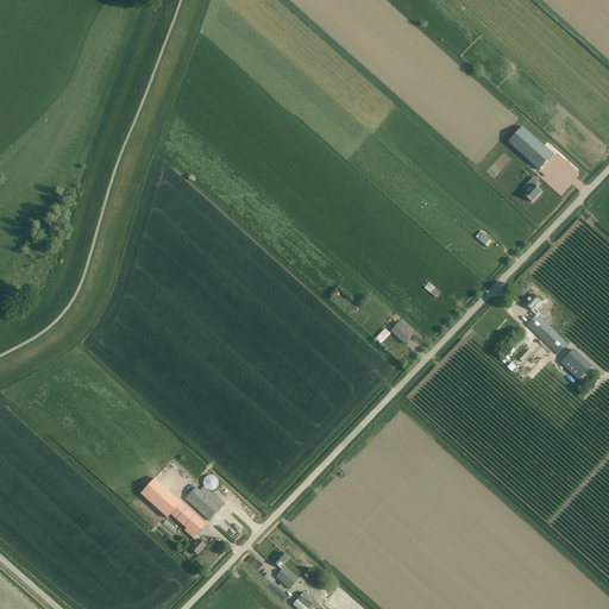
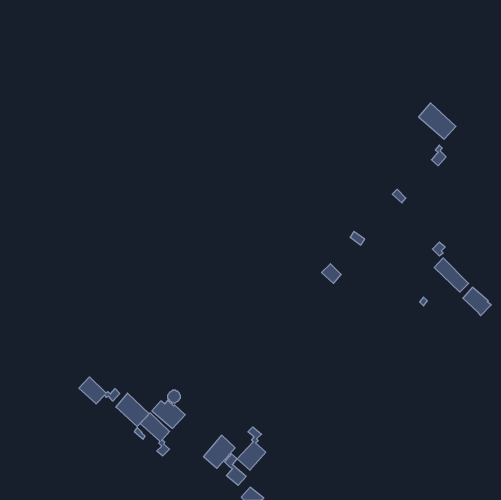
building: none -> [79,377,120,404]
building: none -> [237,427,266,470]
building: none -> [204,435,235,468]

